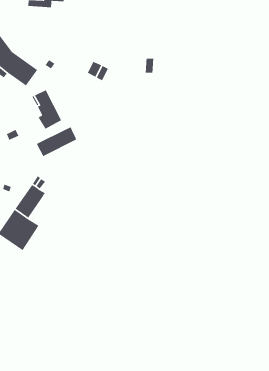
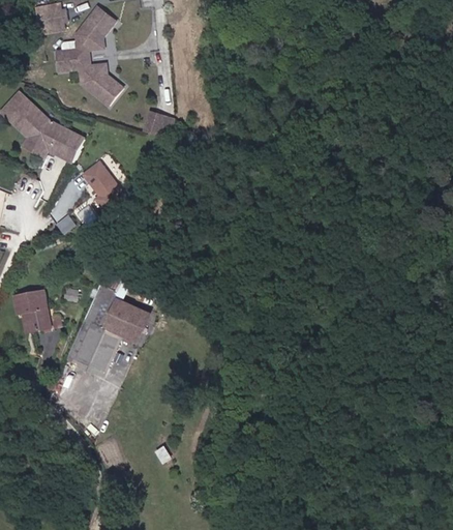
building: none -> [58,57,122,105]
building: [36,126,77,157] -> none
building: none -> [105,299,146,338]

